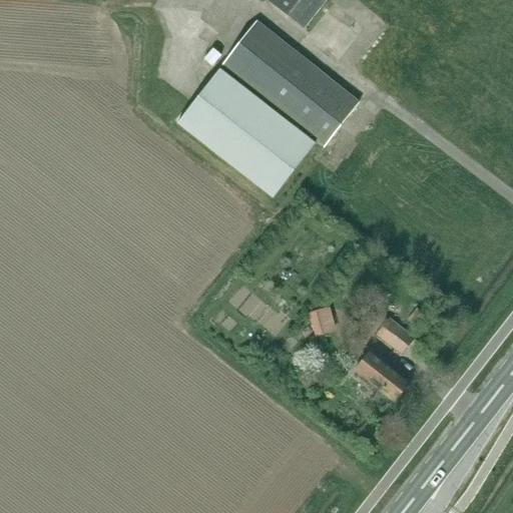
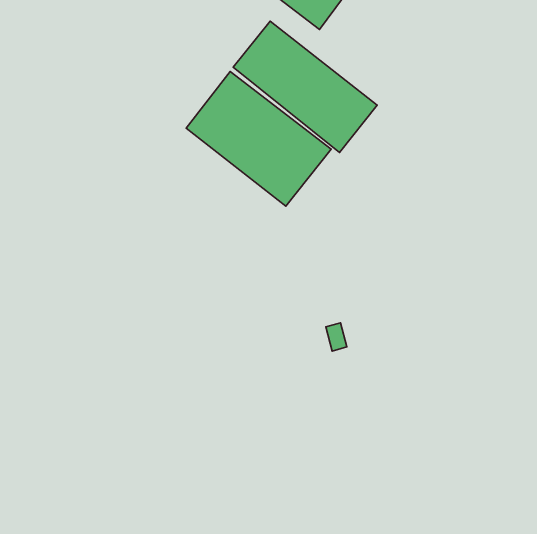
building: [375,316,413,352] -> none
building: [354,349,409,399] -> none

